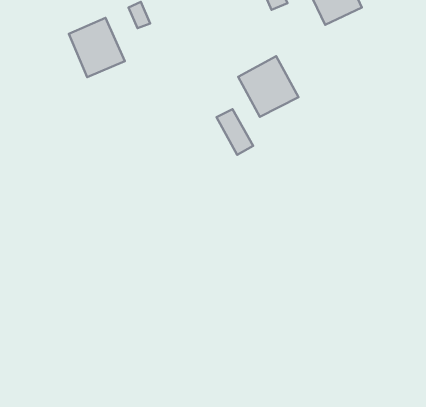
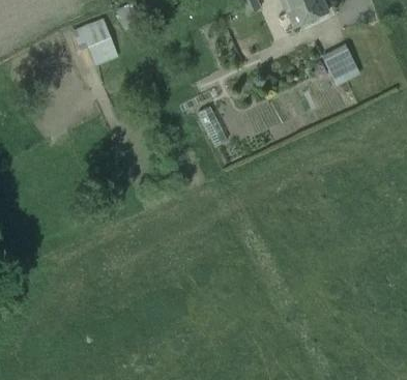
building: none -> [323,43,360,84]
building: [238,56,299,117] -> none

